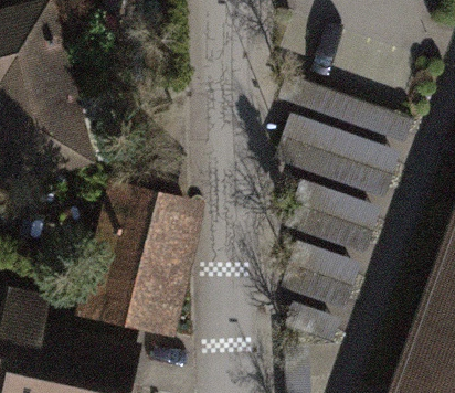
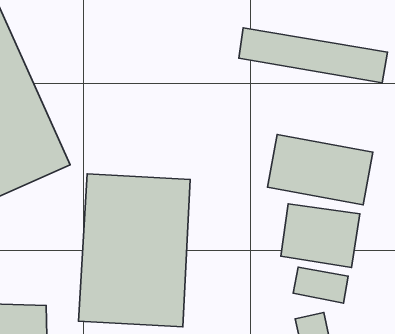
building: [271,113,399,200] -> none

